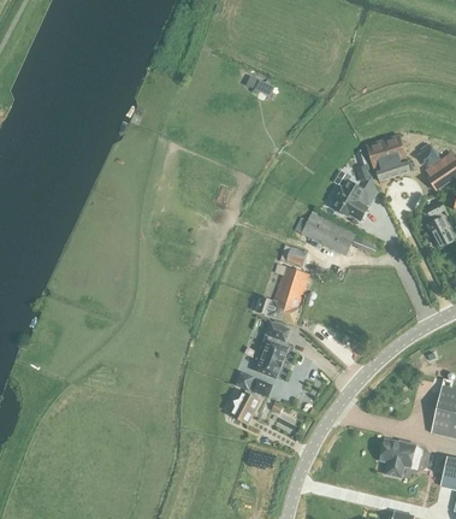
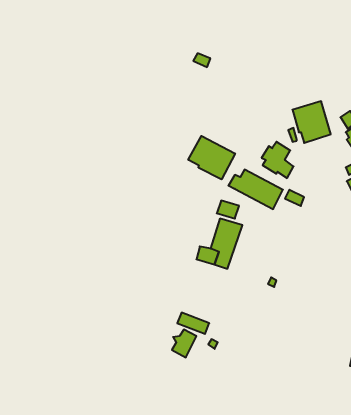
building: none -> [188,136,235,179]
building: [256,322,290,377] -> none
building: [380,438,422,477] -> none

